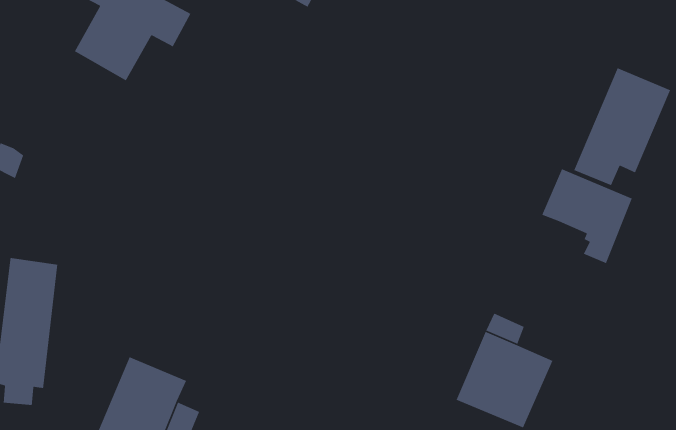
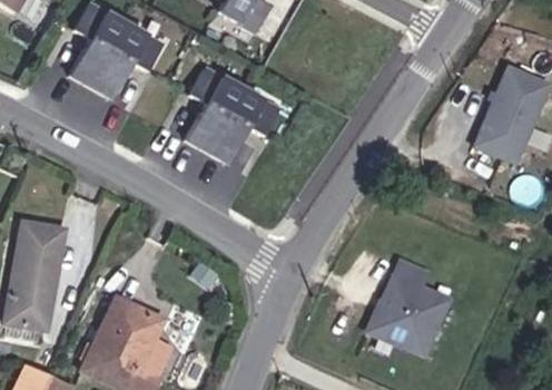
building: none -> [189,53,282,148]
building: [541,168,633,264] -> none

